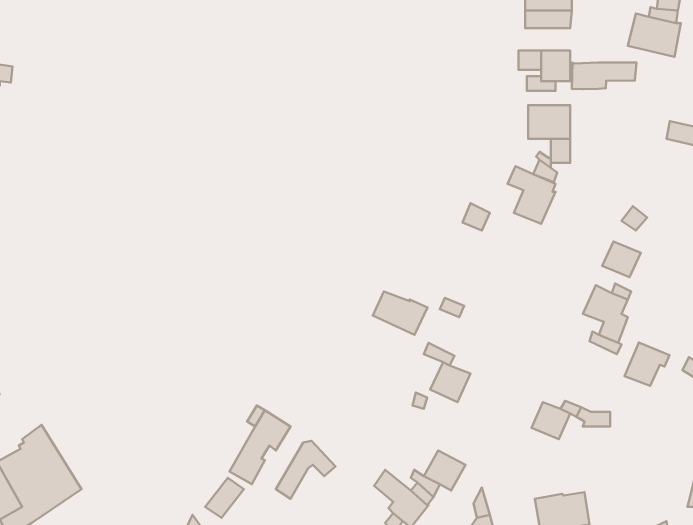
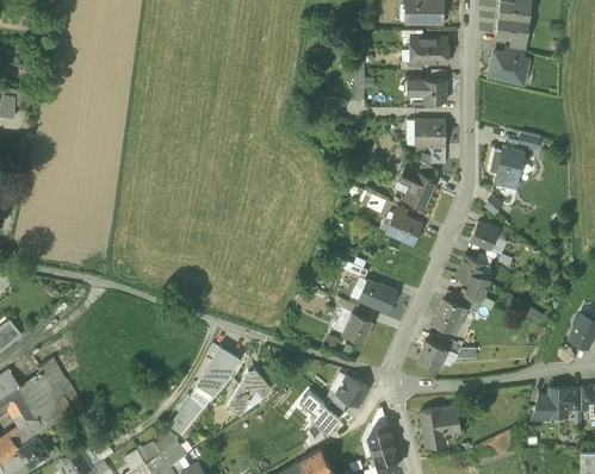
building: [572,62,636,89] -> none
building: none -> [489,146,523,187]
building: none -> [389,212,421,243]
building: [373,291,427,335] -> [358,280,398,312]
building: [624,342,669,386] -> [433,298,466,330]

